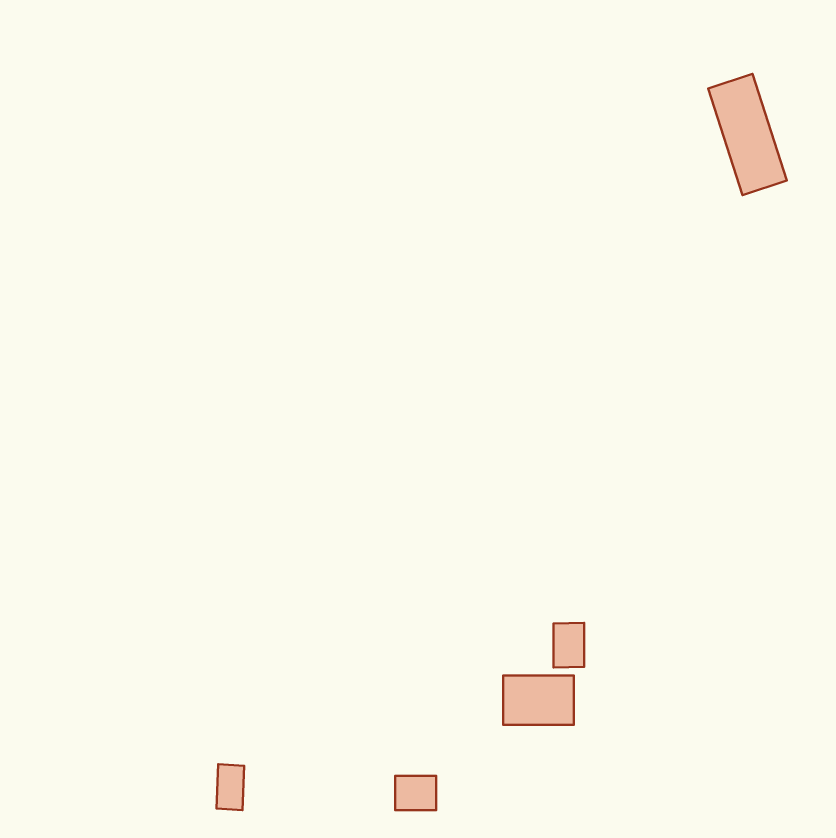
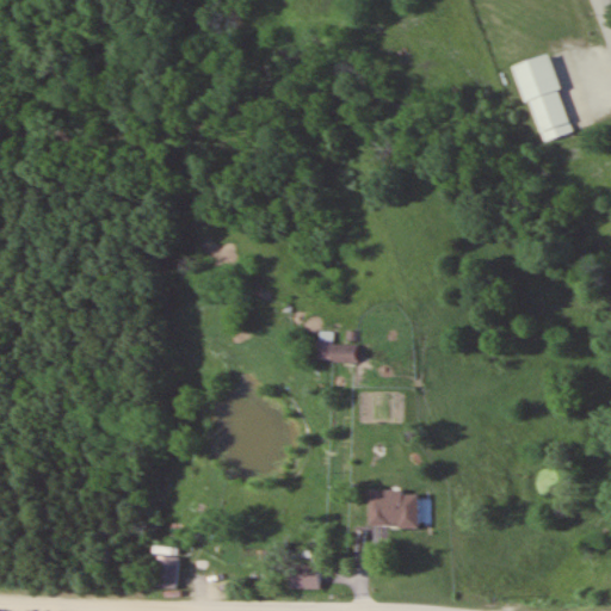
building: none -> [310,333,357,362]
building: [553,623,584,668] -> none

